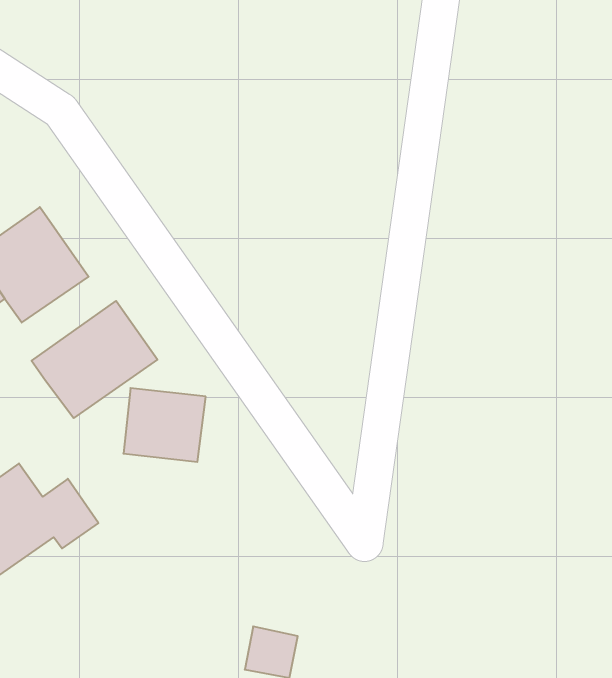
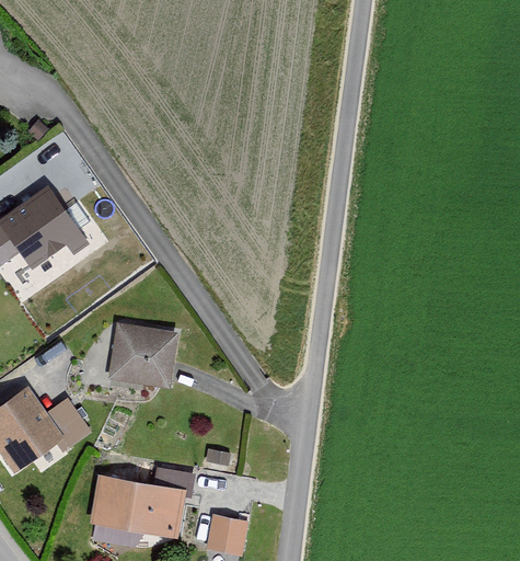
building: [32,301,157,418] -> none
building: none -> [90,476,184,536]

